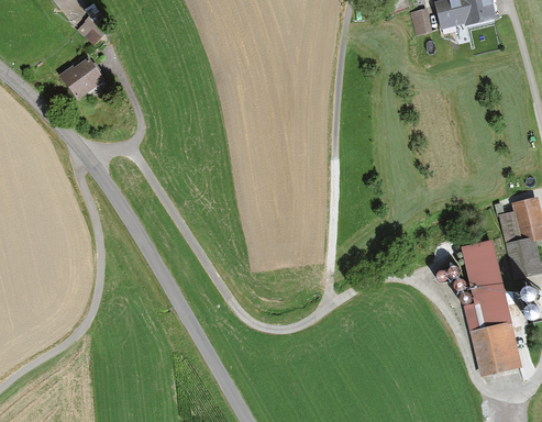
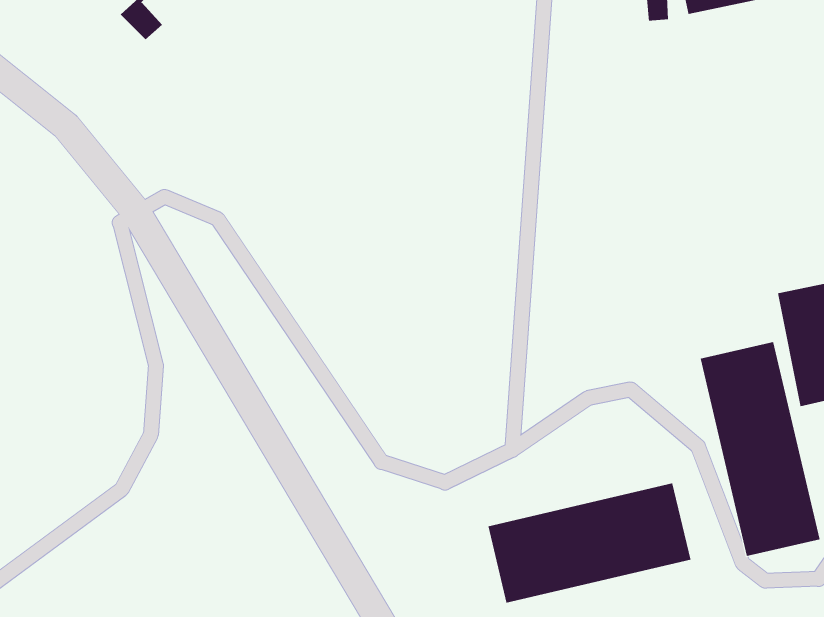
building: [59,54,110,103] -> none
building: none -> [488,482,691,604]

